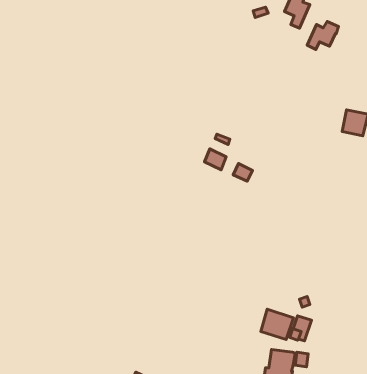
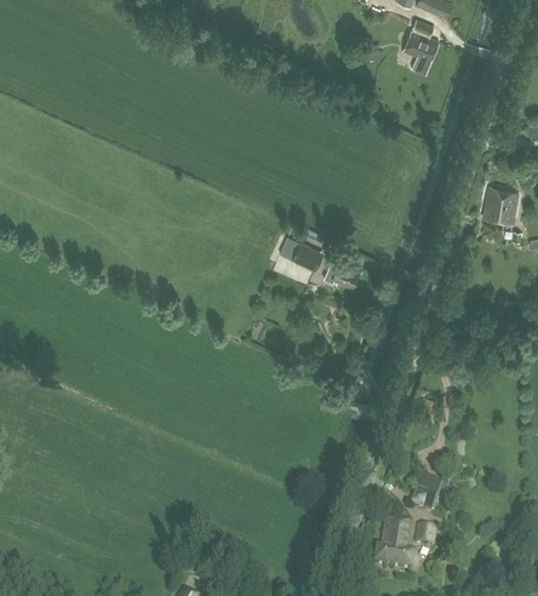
building: [307,21,339,49] -> none
building: [261,309,293,340] -> none

